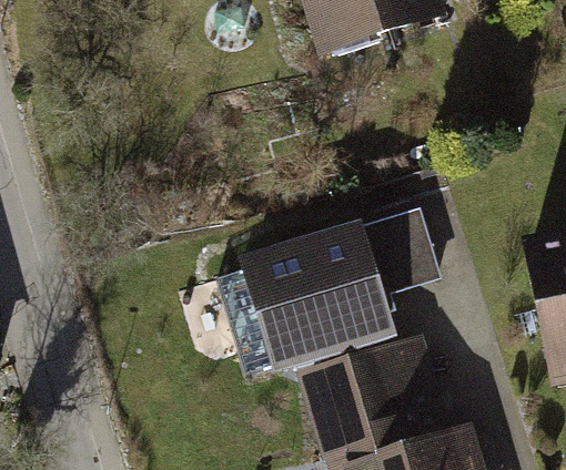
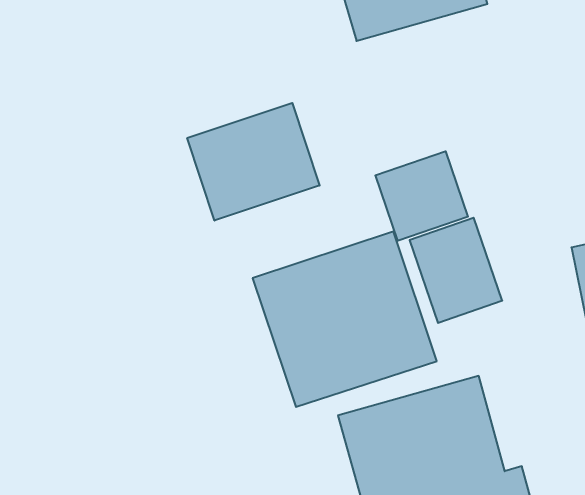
building: none -> [187,103,320,221]
building: none -> [375,151,468,241]

